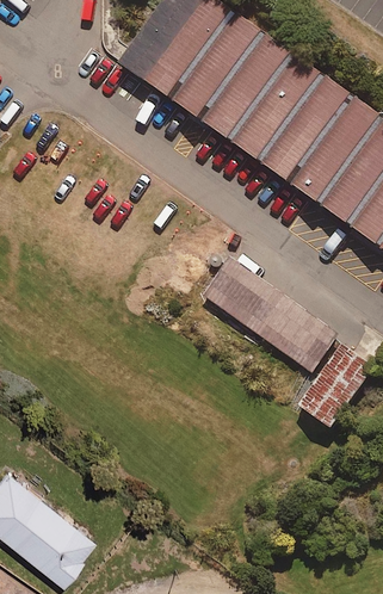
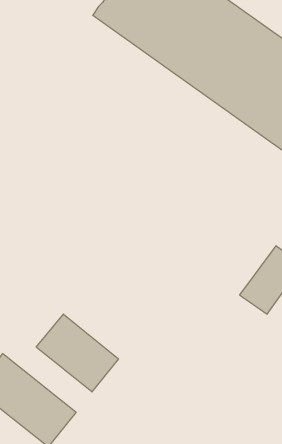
building: [200,255,338,373] -> none
building: none -> [36,314,118,392]

